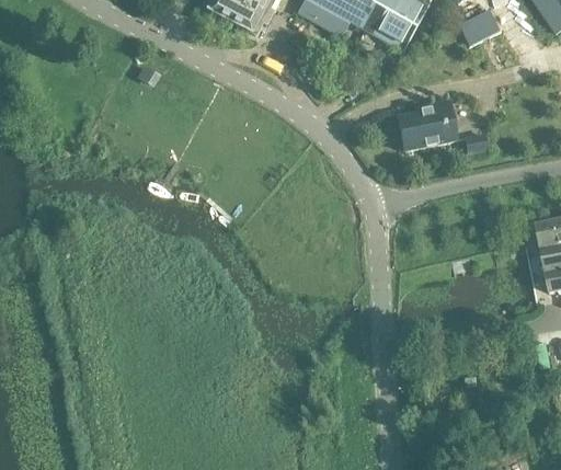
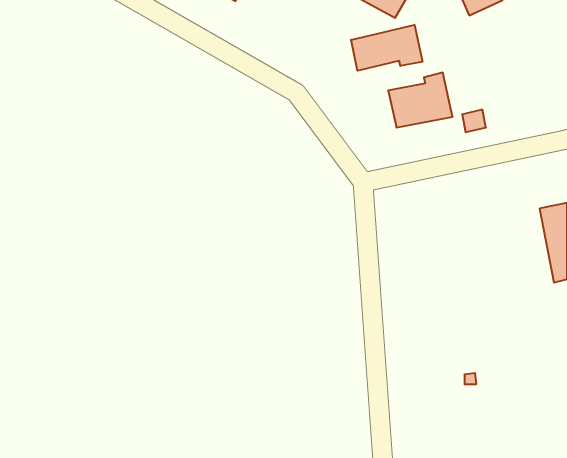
building: none -> [351,25,422,71]

